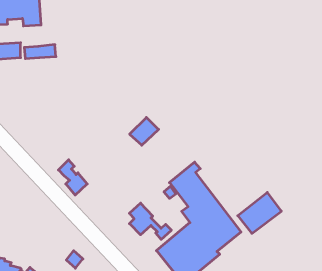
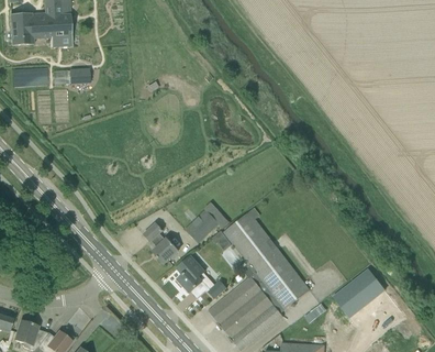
building: [130,117,159,145] -> [185,208,219,241]
building: [58,160,87,195] -> [144,221,178,263]
building: [238,192,281,233] -> [333,267,384,316]

